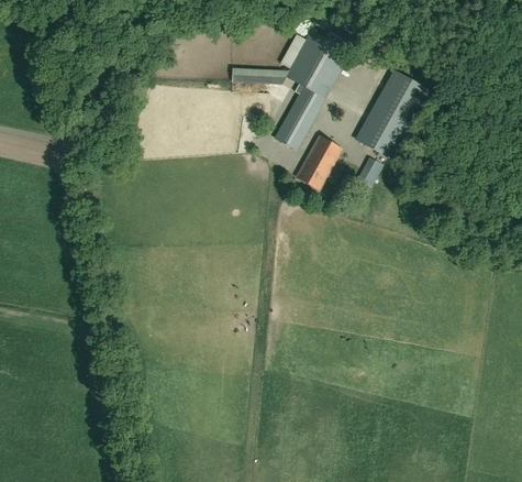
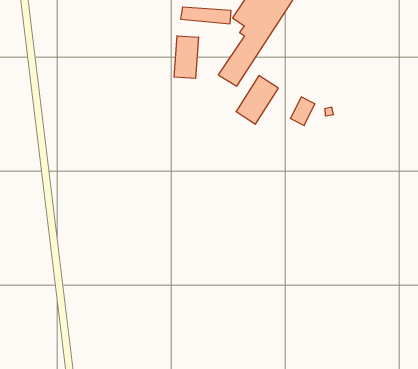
building: [355,69,427,156] -> none
building: none -> [174,36,198,78]

